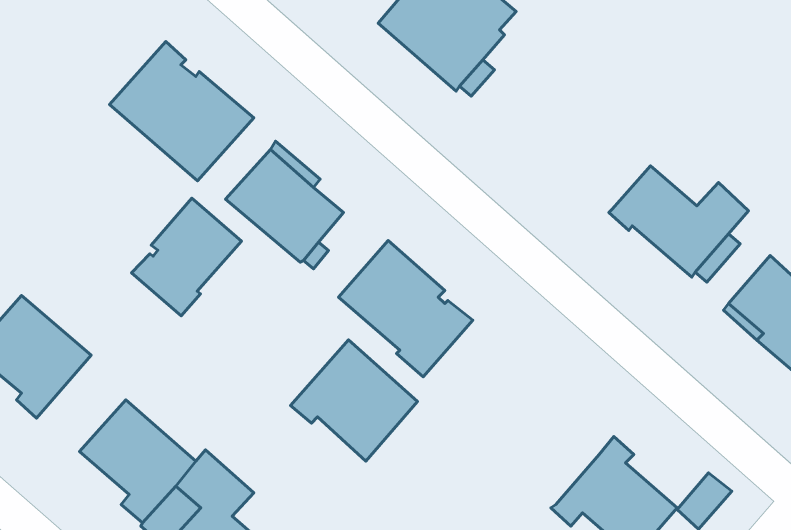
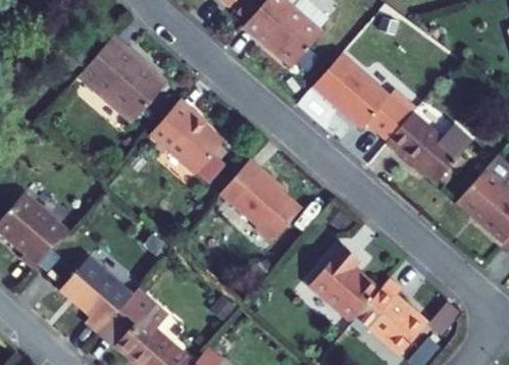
building: none -> [313,54,415,140]
building: [132,198,241,316] -> none
building: [290,340,418,461] -> none
building: none -> [310,246,379,321]

